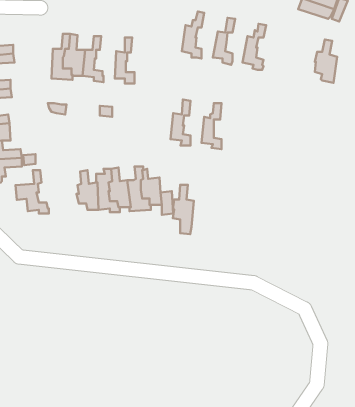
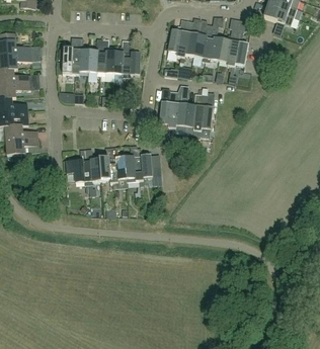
building: none -> [179,19,197,56]
building: none -> [204,24,222,60]
building: none -> [96,38,114,73]
building: none -> [123,39,140,74]
building: [315,40,337,83] -> [229,29,247,65]
building: none -> [194,93,213,128]
building: [15,170,49,214] -> [65,149,92,184]
building: [173,185,194,234] -> [169,91,186,132]

